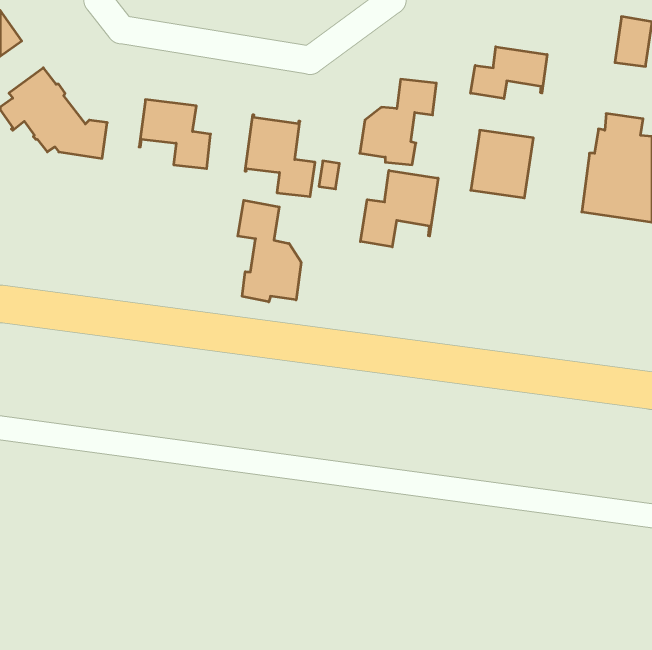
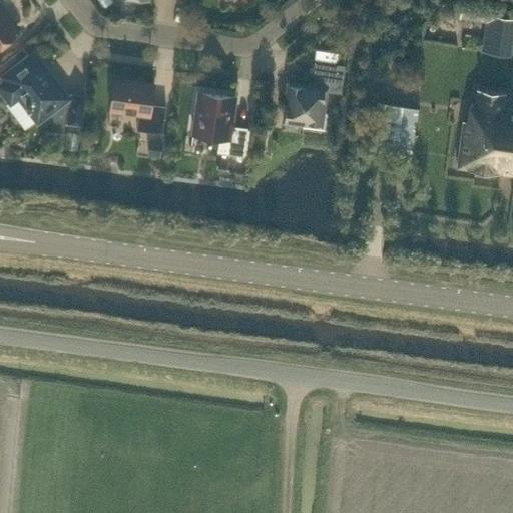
building: [471,47,547,99] -> none
building: [360,170,438,247] -> none
building: [238,200,301,302] -> none

